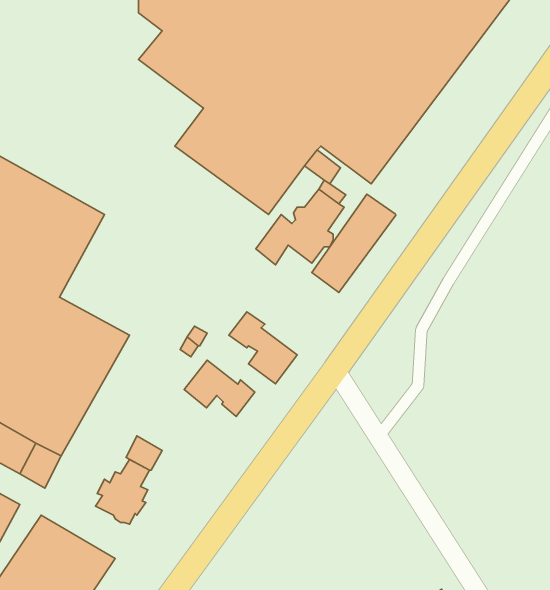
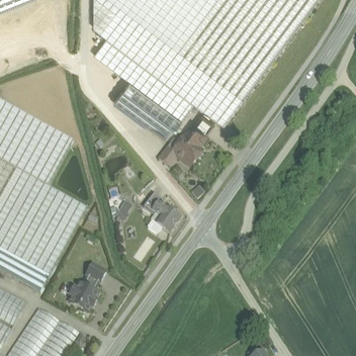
building: [312,194,396,293] -> none
building: [184,360,255,416] -> none

